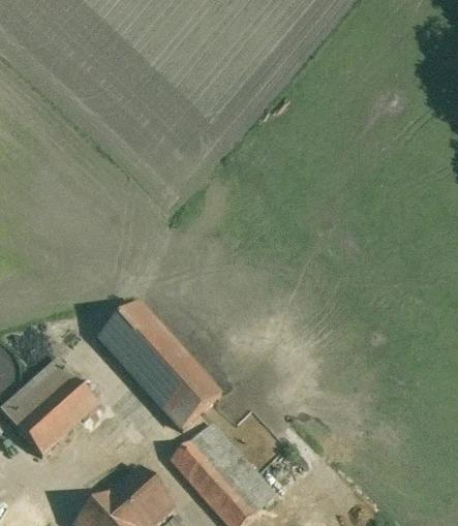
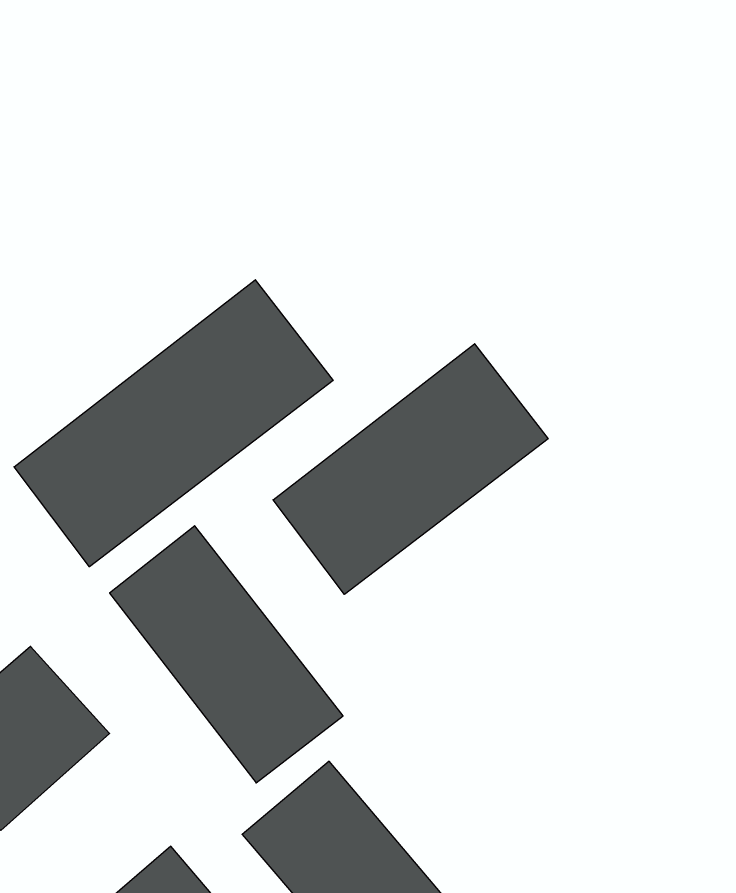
building: none -> [14,280,333,567]
building: none -> [273,344,548,594]

